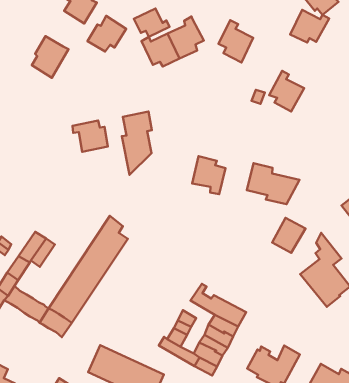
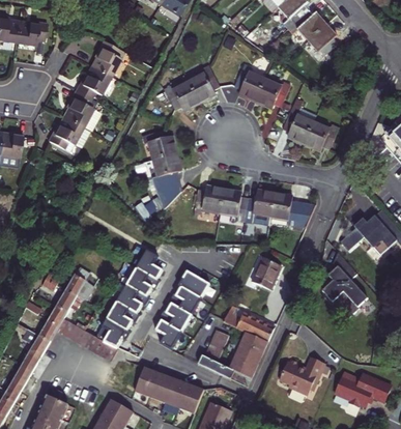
building: [134,9,169,37] -> none
building: [290,10,329,42] -> [255,80,289,109]
building: [87,16,126,51] -> [77,66,111,98]
building: none -> [51,117,92,153]
building: none -> [303,122,337,151]
building: [72,121,108,152] -> [141,130,174,159]
building: none -> [192,187,222,216]
building: none -> [242,191,271,224]
building: [272,218,305,253] -> [251,256,280,287]
building: none -> [153,270,209,346]

